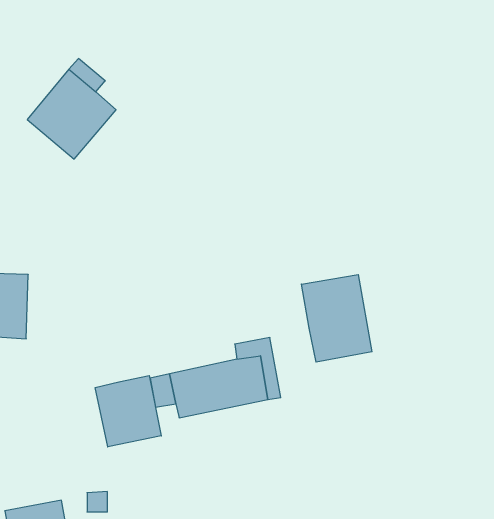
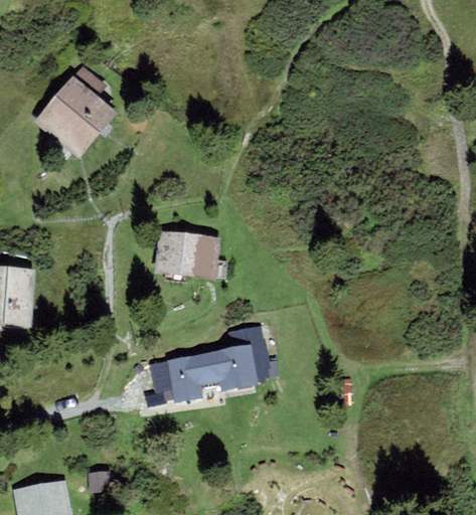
building: none -> [153,230,220,281]
building: [301,275,372,362] -> none
building: [95,376,161,447] -> none

